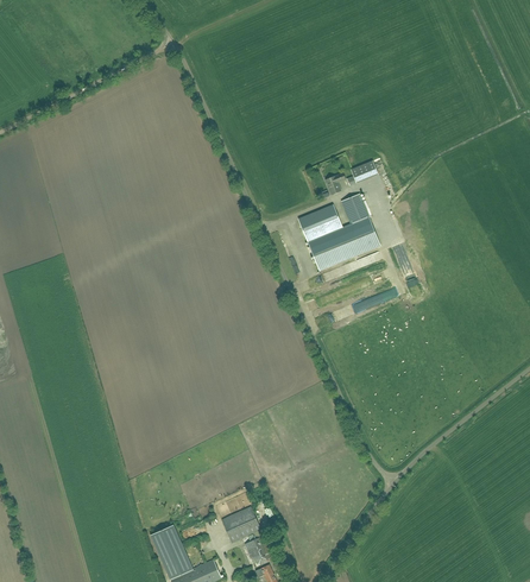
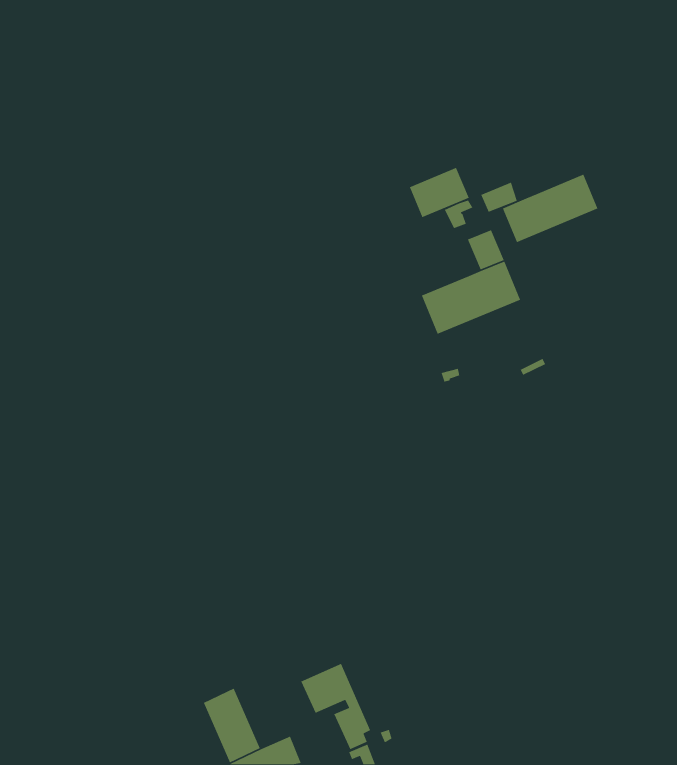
building: none -> [502,174,598,243]
building: [298,205,342,242] -> [409,167,470,218]

